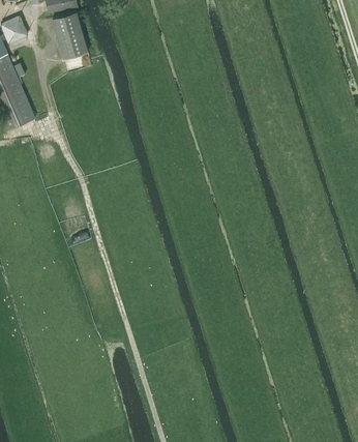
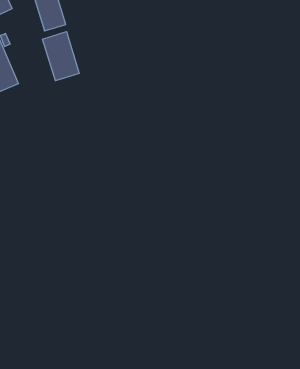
building: none -> [43,32,79,81]

